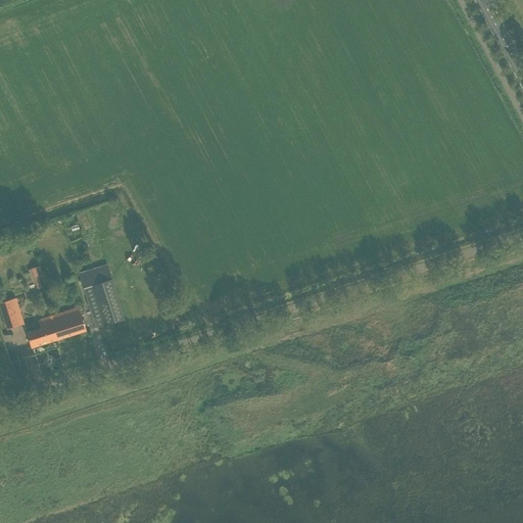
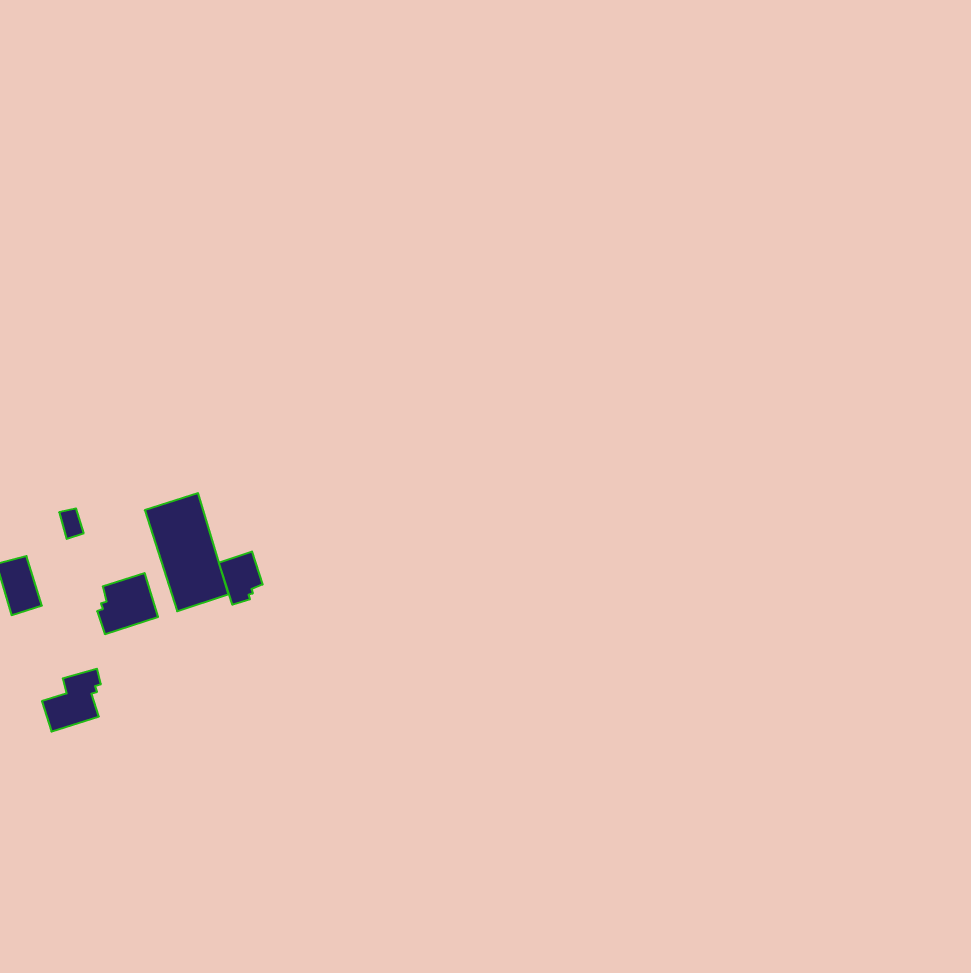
building: none -> [219,551,263,605]
building: [26,315,57,348] -> [42,669,101,732]

